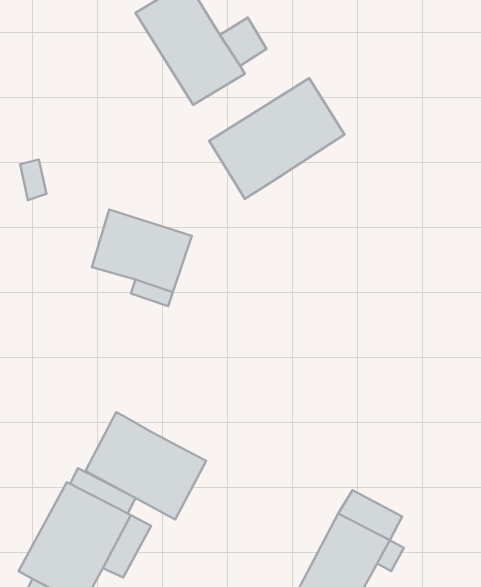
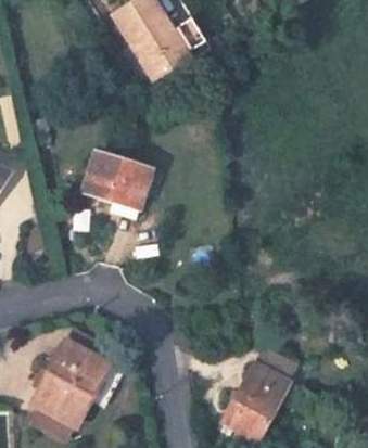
building: [209,78,344,199] -> none
building: [86,412,206,519] -> none

